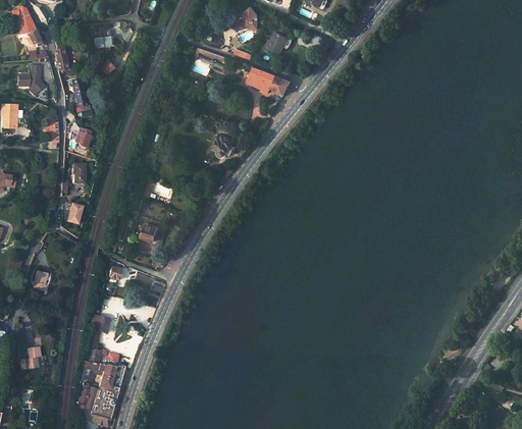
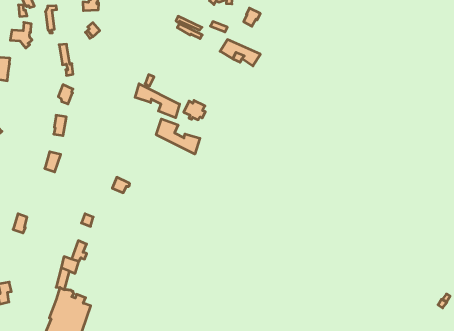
building: none -> [135,84,180,118]
building: none -> [156,119,200,154]

